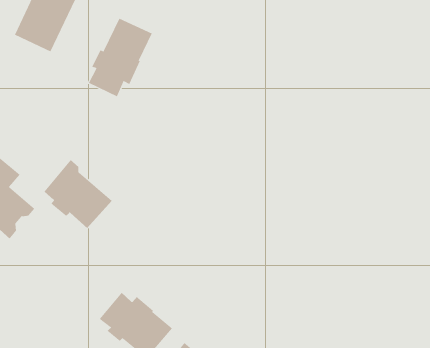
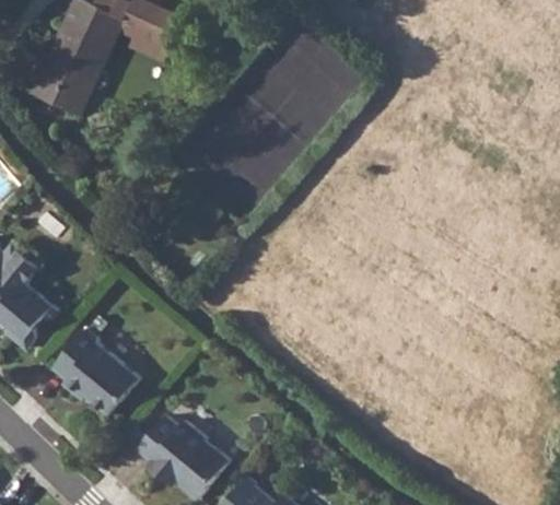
building: [88,18,152,97] -> none
building: [44,159,112,229] -> [52,328,139,415]

